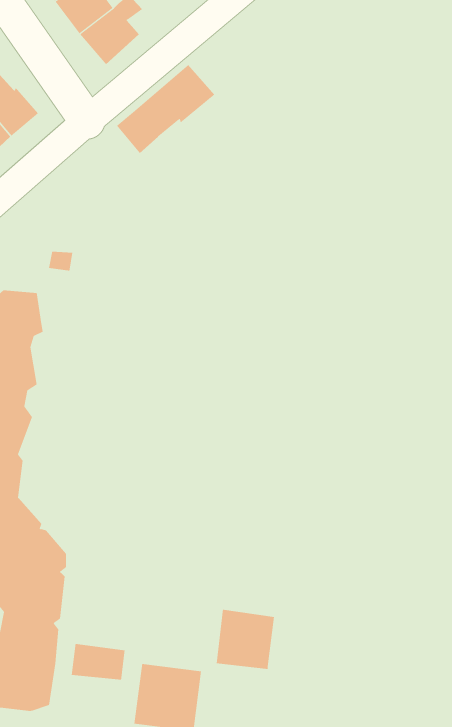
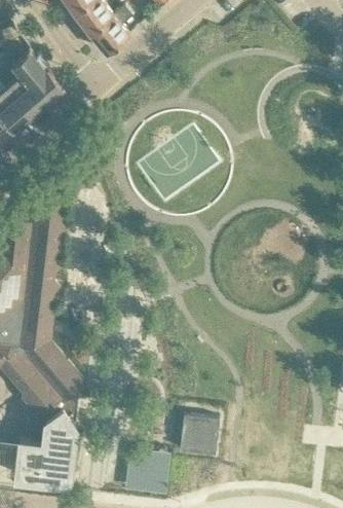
building: [116,64,215,154] -> none
building: [71,643,125,680] -> none

